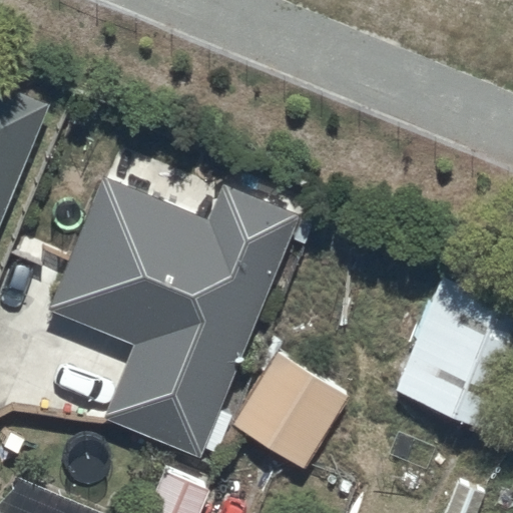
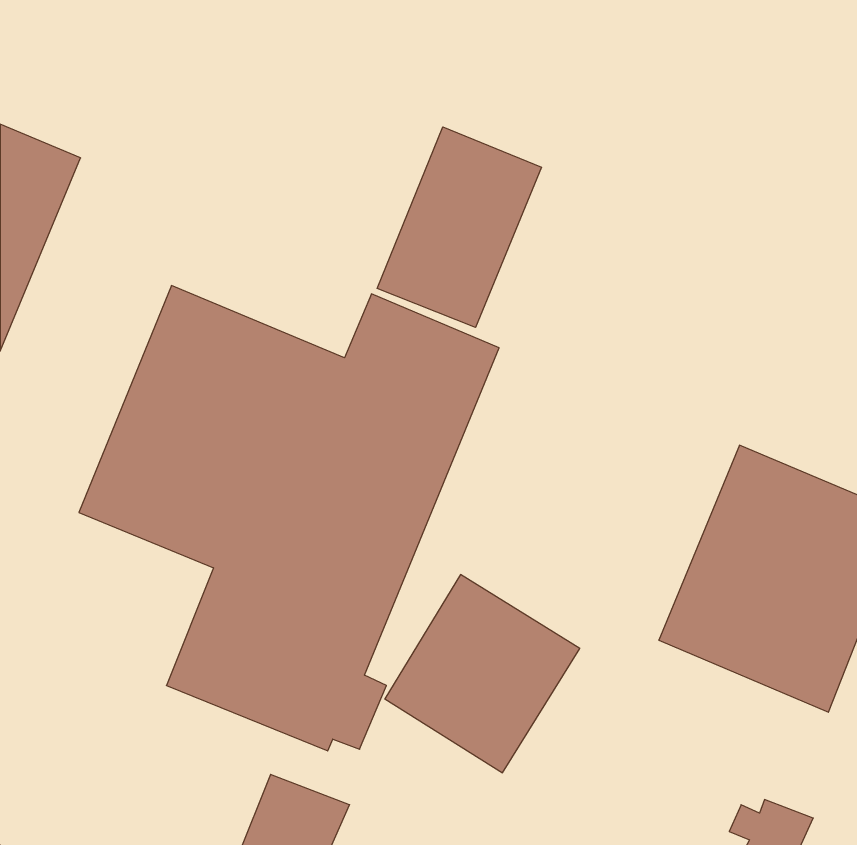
building: none -> [377,127,542,327]

